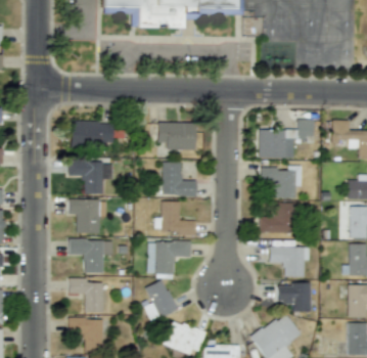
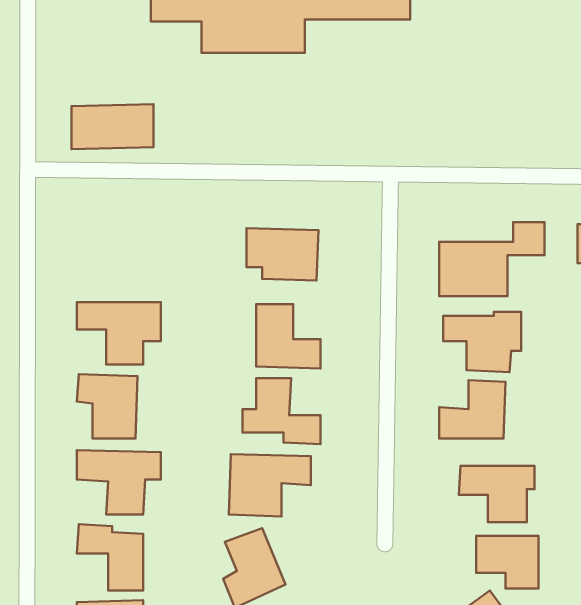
building: [71,121,113,144] -> [72,104,153,149]

